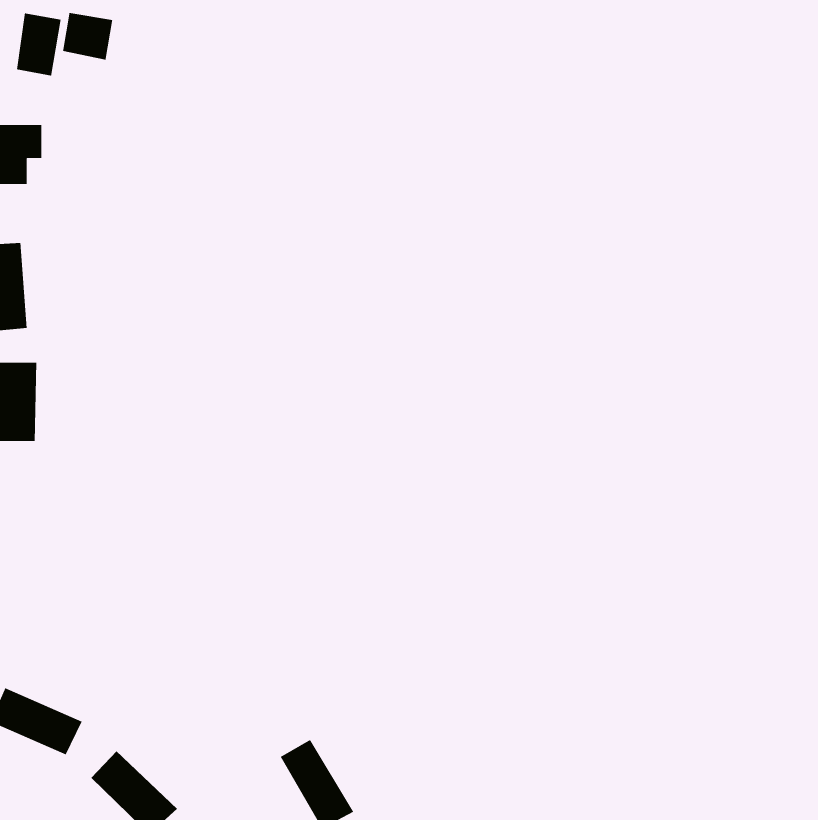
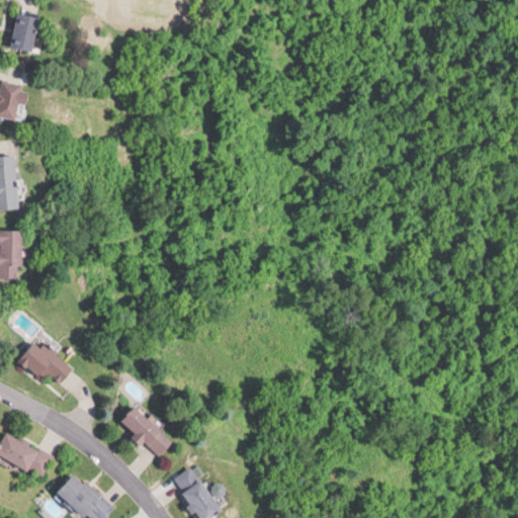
building: [63,12,113,61] -> none
building: none -> [19,342,73,387]
building: none -> [120,406,174,459]

